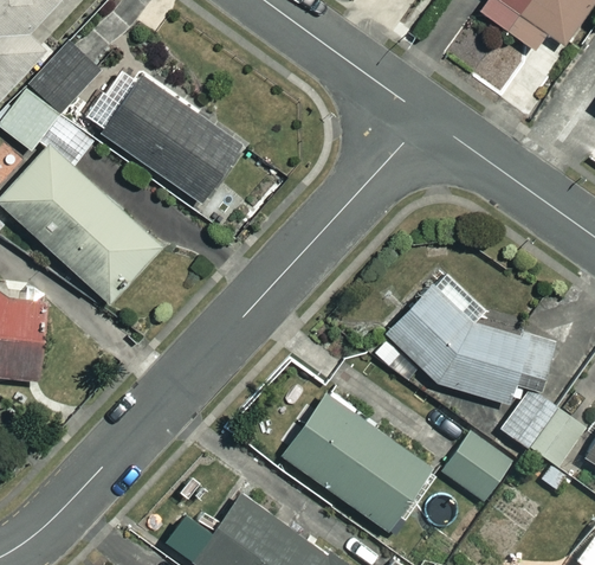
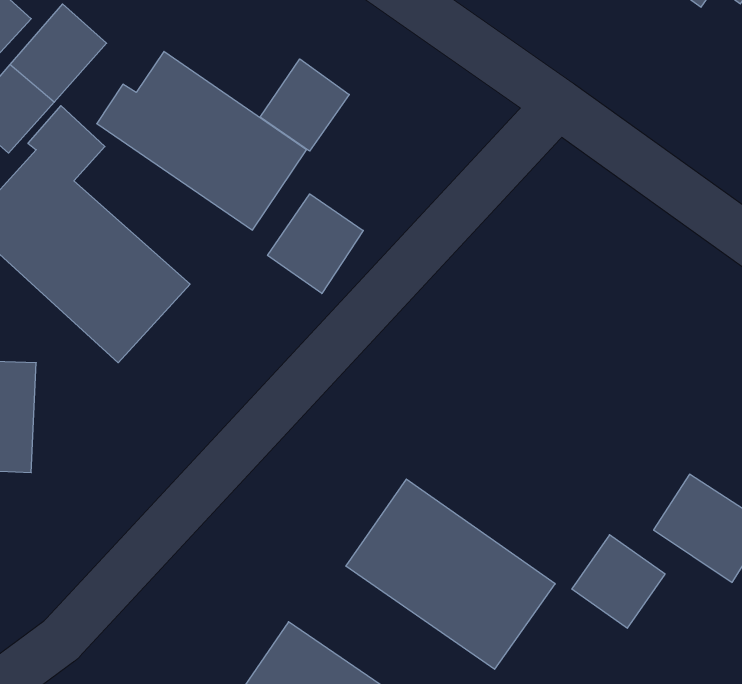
building: none -> [260,59,349,151]
building: none -> [268,194,363,294]
building: [374,270,548,402] -> none

